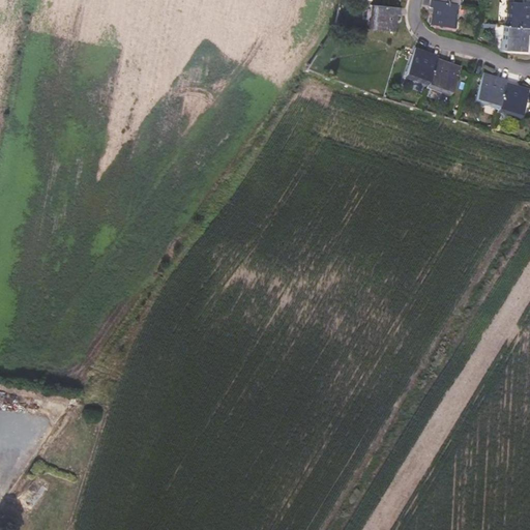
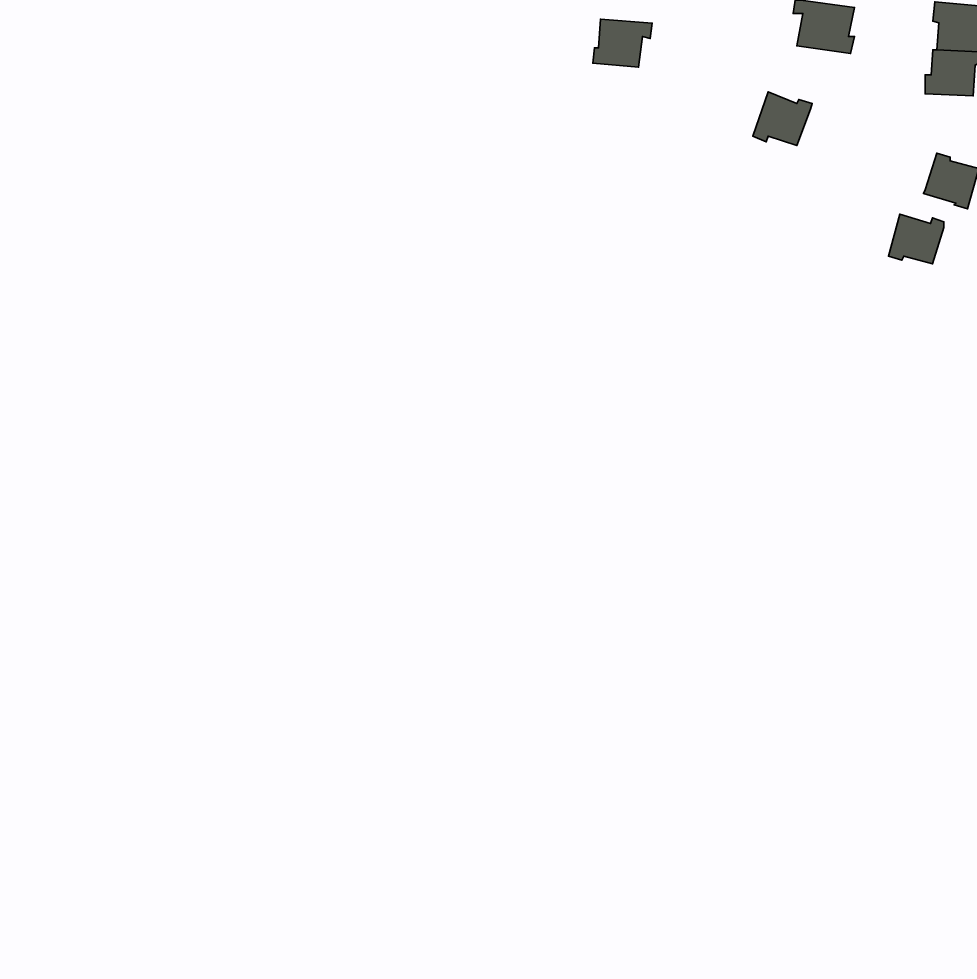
building: [370,5,402,31] -> [593,19,652,67]
building: [431,59,462,93] -> none
building: [477,76,507,102] -> [888,214,944,264]

